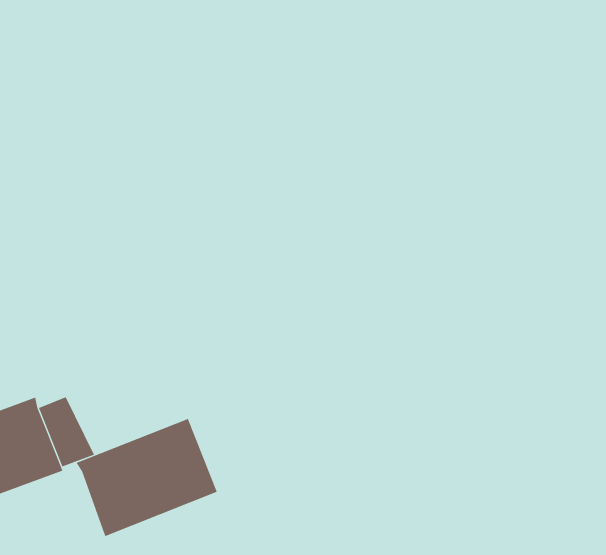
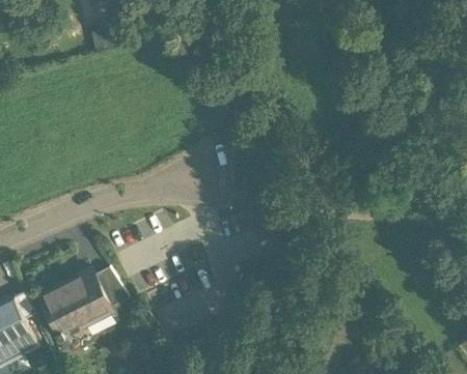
building: [76,418,218,537] -> none

